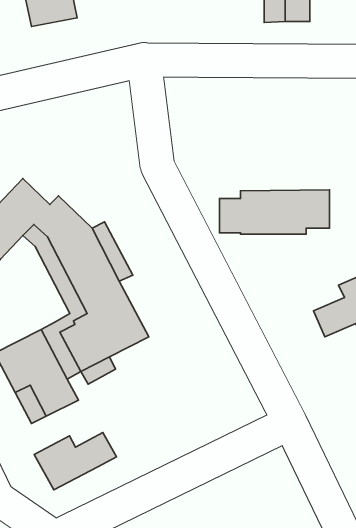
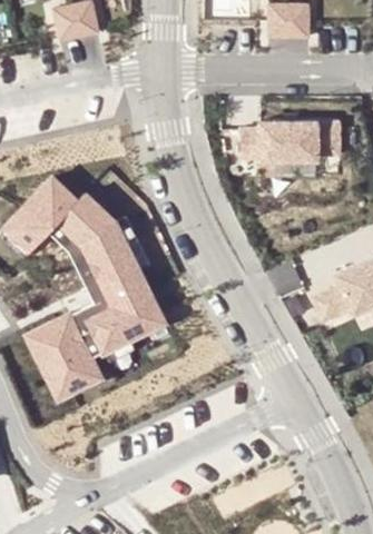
building: [219,190,330,234] -> [239,120,338,160]
building: [34,433,117,490] -> none

